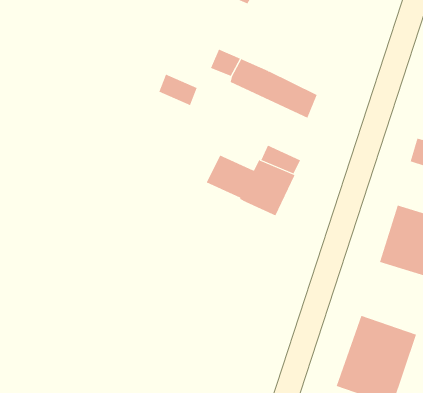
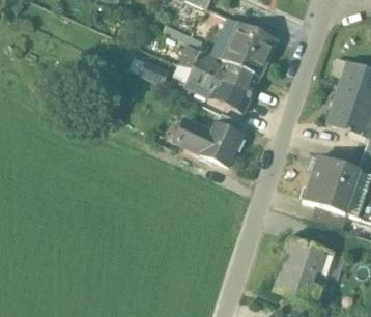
building: none -> [223,20,277,75]
building: none -> [186,65,252,110]

